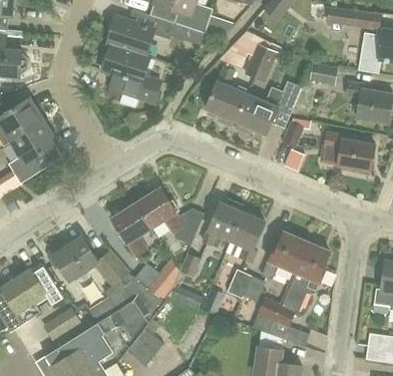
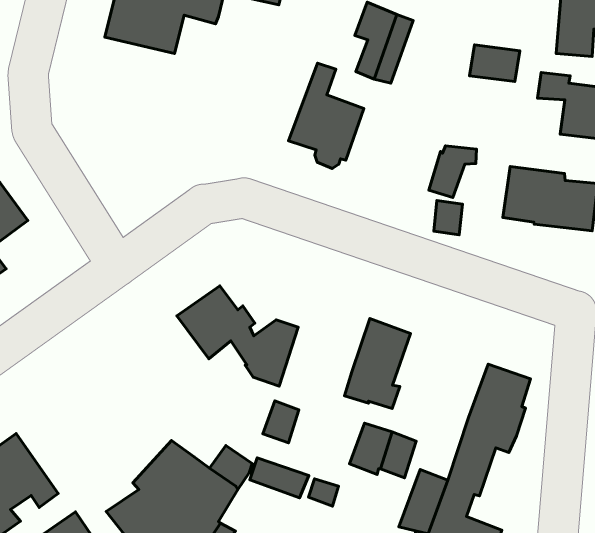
building: [98,44,160,101] -> none
building: [236,82,302,135] -> none
building: [111,203,151,256] -> none
building: [203,203,243,248] -> none
building: [262,232,307,279] -> none
building: [47,237,127,294] -> none

